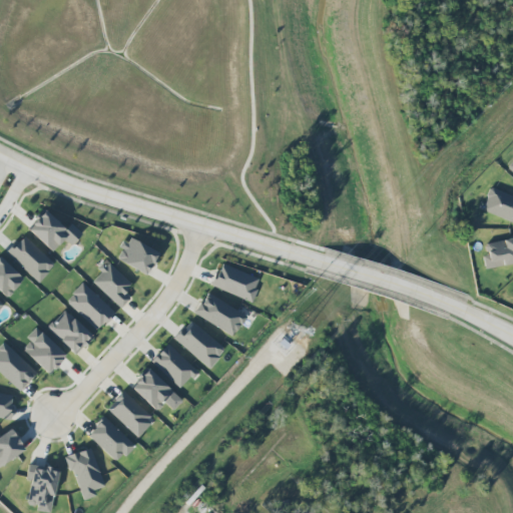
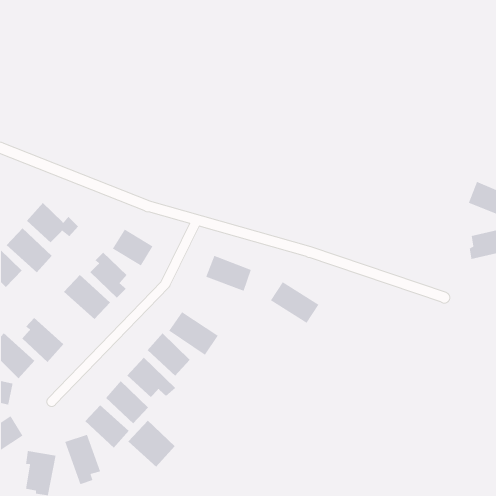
building: [195,292,246,336] -> [270,281,320,324]
building: [48,310,93,355] -> none
building: none -> [127,420,175,467]

